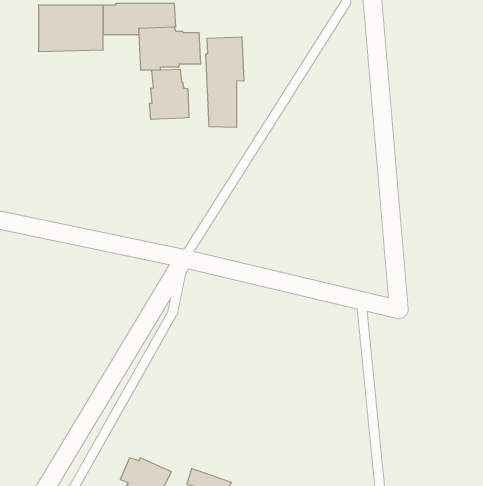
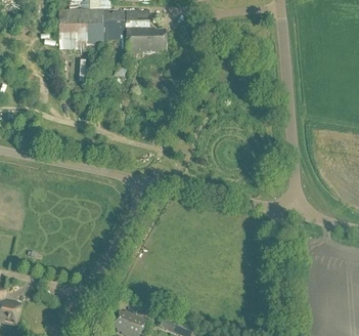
building: [206,37,244,127] -> none
building: [149,69,189,119] -> none

